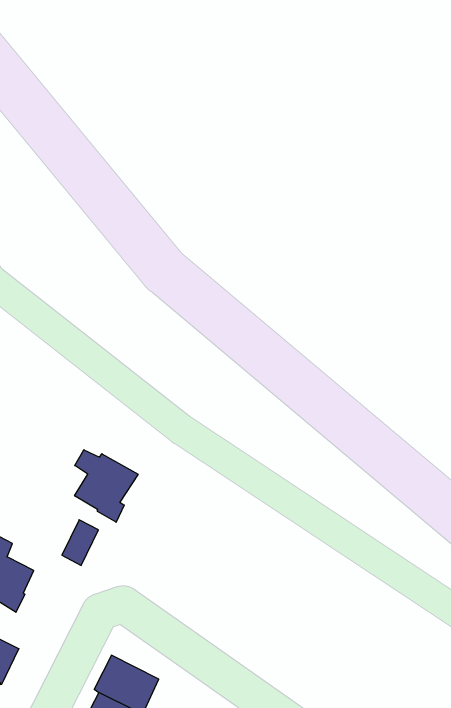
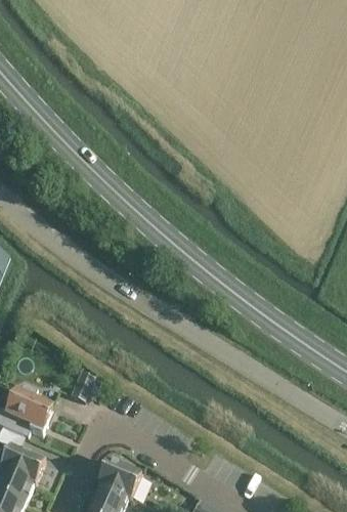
building: [75,450,138,522] -> none

